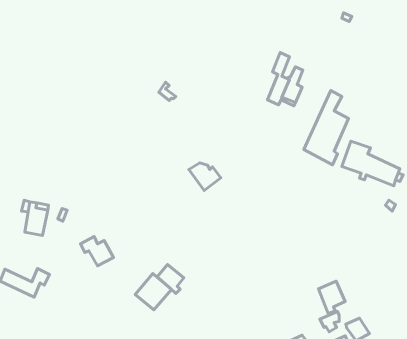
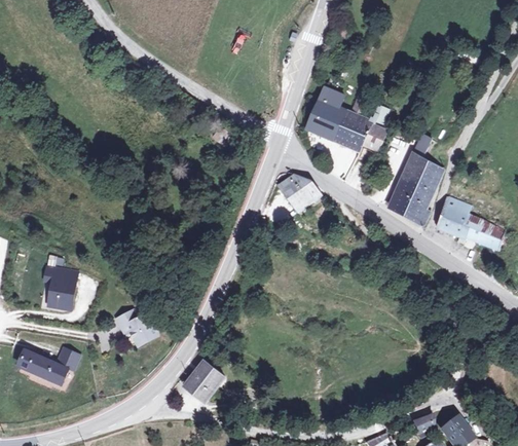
building: none -> [305,86,357,146]
building: [189,163,221,191] -> [281,176,320,210]
building: [157,265,184,293] -> none
building: [318,281,345,313] -> none

